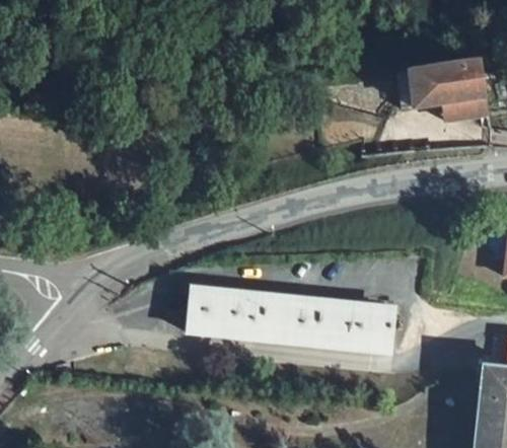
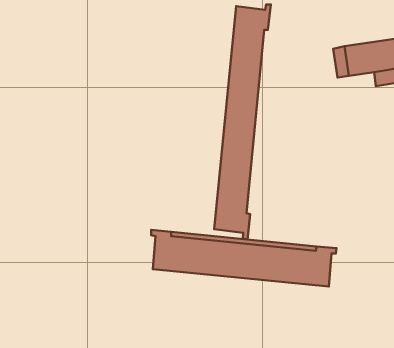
building: none -> [214,4,271,239]

